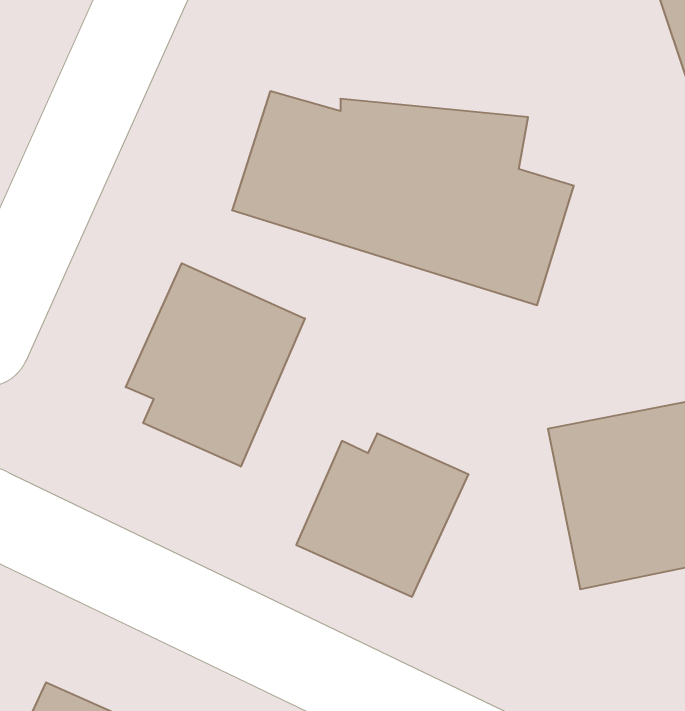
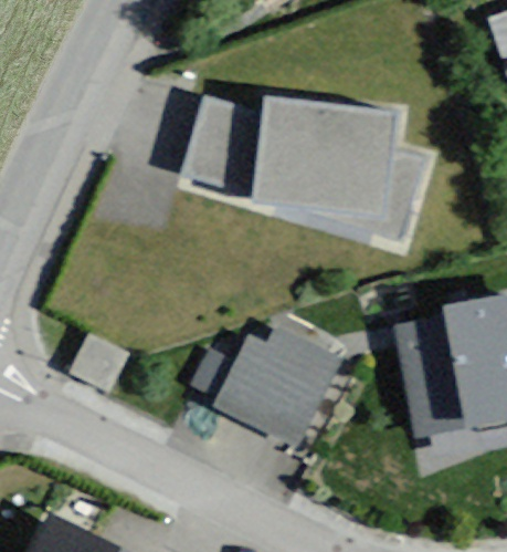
building: [126,263,305,467] -> none

